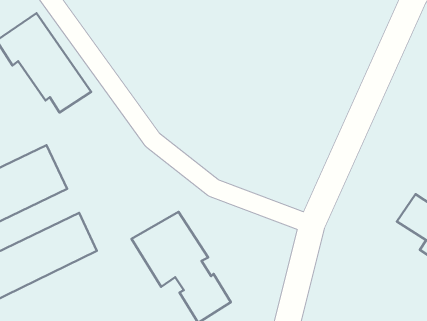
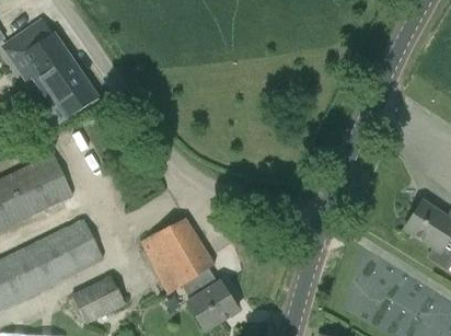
building: none -> [71,274,126,324]

